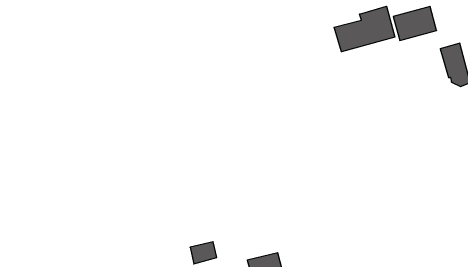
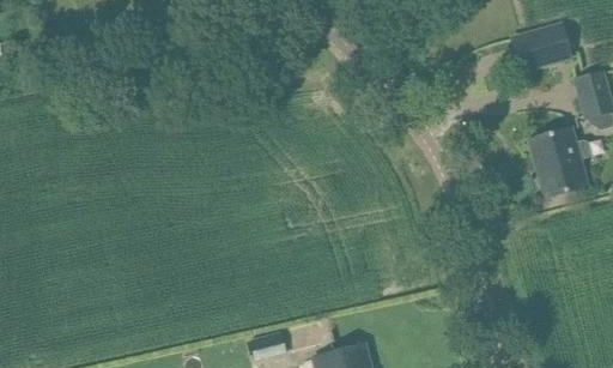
building: [334,6,395,52] -> none
building: none -> [529,127,589,197]

